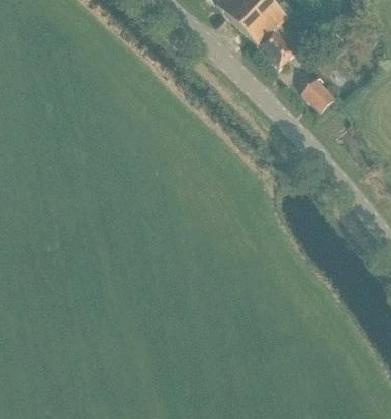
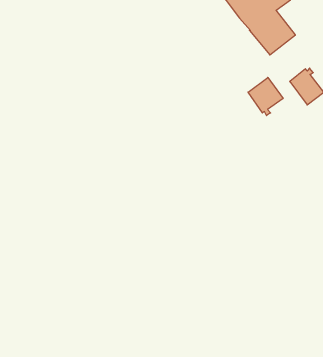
building: none -> [248,77,283,116]

